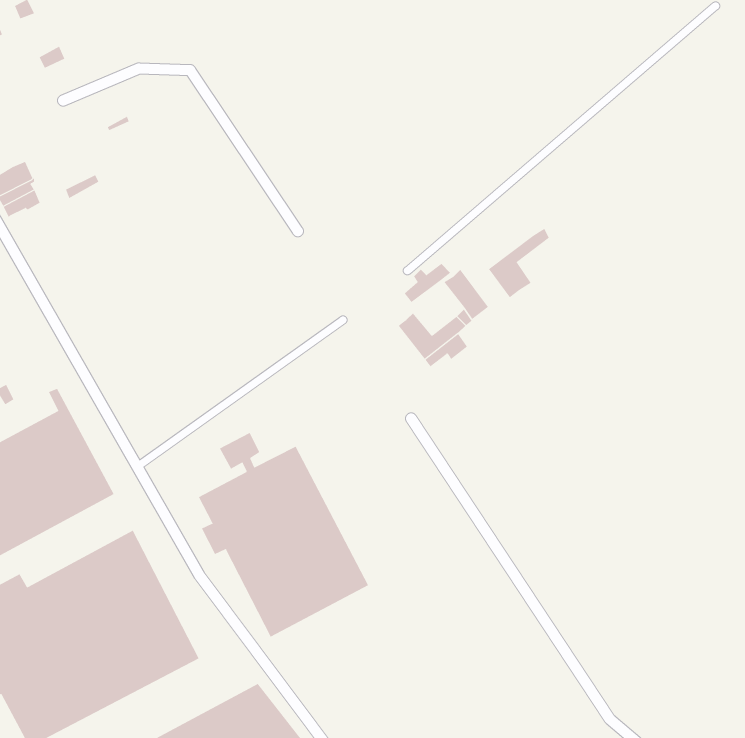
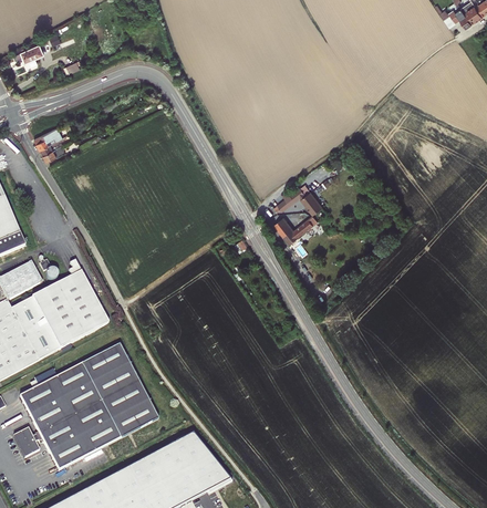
building: [488,228,550,298] -> none
building: [198,432,369,638] -> none

